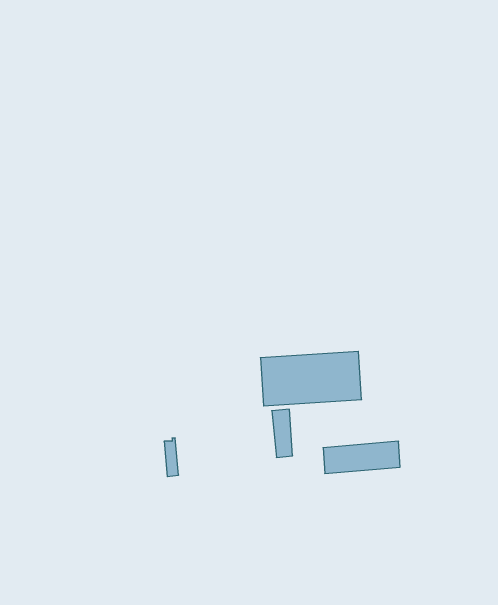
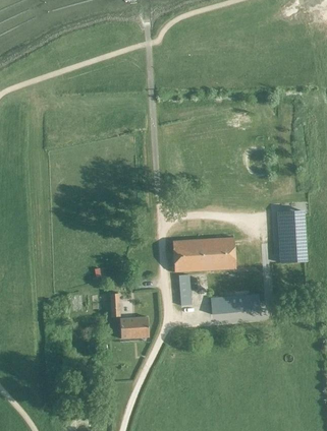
building: none -> [277,210,307,263]
building: none -> [120,316,150,337]

